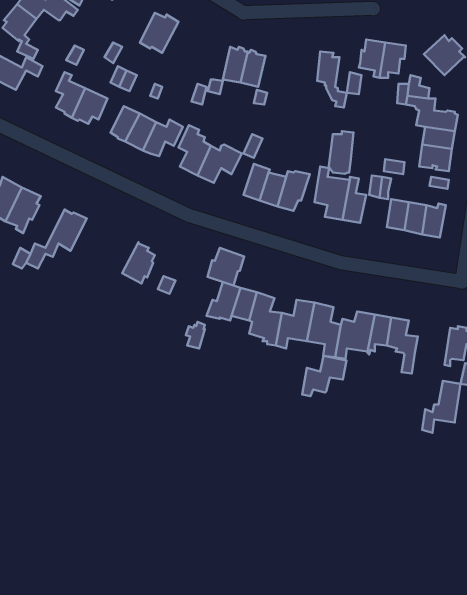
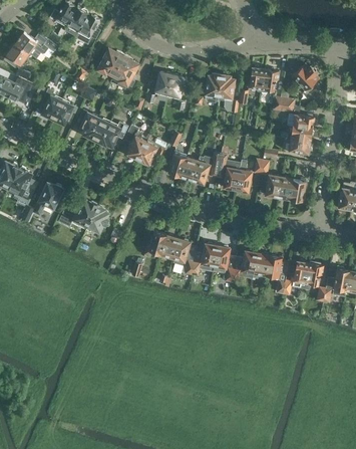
building: none -> [112,54,138,89]
building: [328,131,354,174] -> [205,73,222,102]
building: none -> [59,198,98,229]
building: [208,248,244,286] -> none
building: [302,356,346,396] -> none
building: [422,381,461,433] -> [284,260,310,295]

